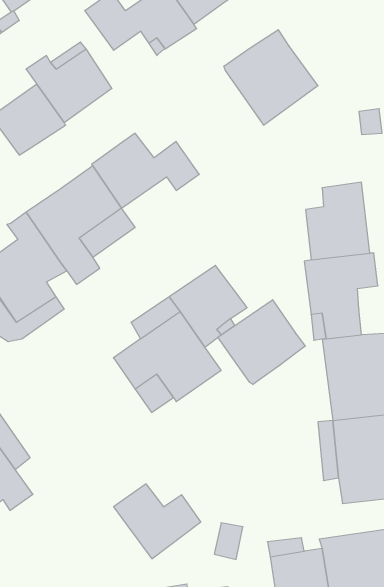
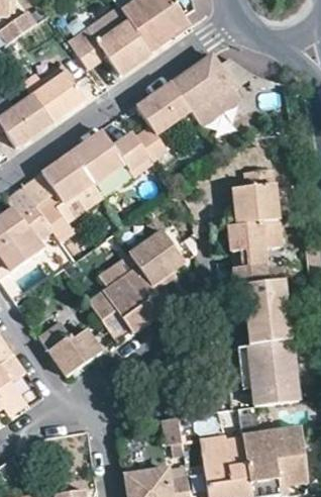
building: none -> [133,85,189,162]
building: [218,300,305,385] -> none
building: [114,484,201,559] -> [36,319,101,375]

